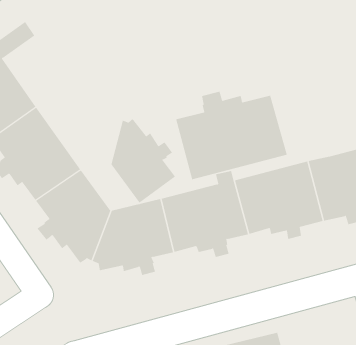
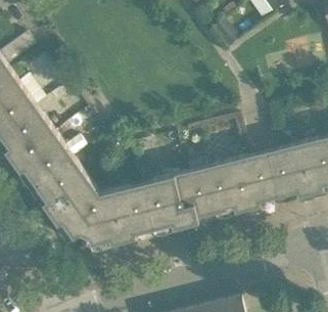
building: [176,91,288,180] -> none
building: [111,118,176,204] -> none

